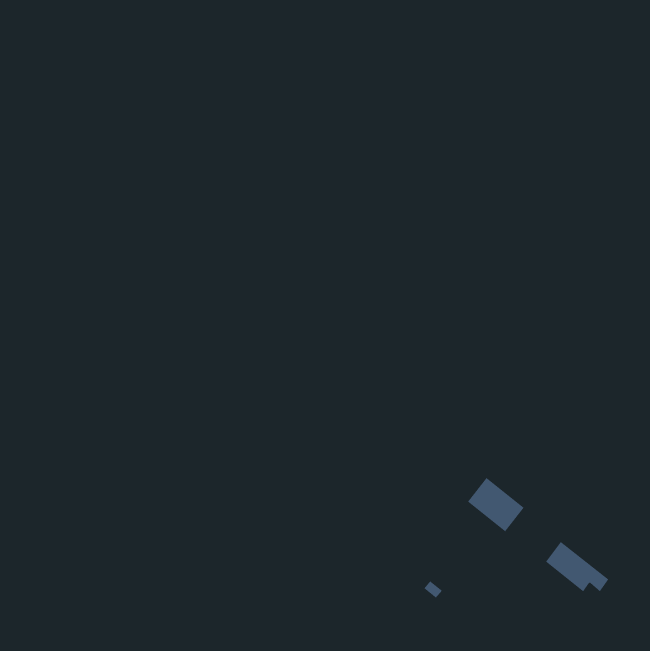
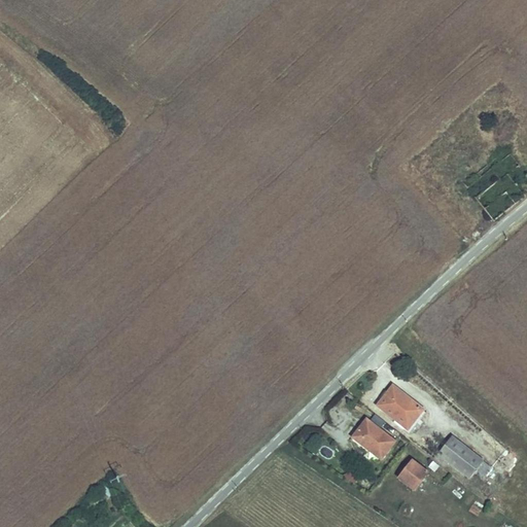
building: none -> [352,418,393,457]
building: none -> [399,460,427,489]

